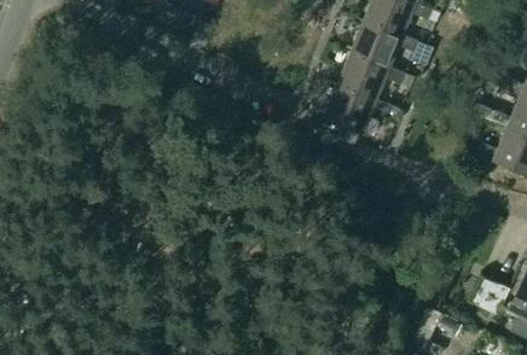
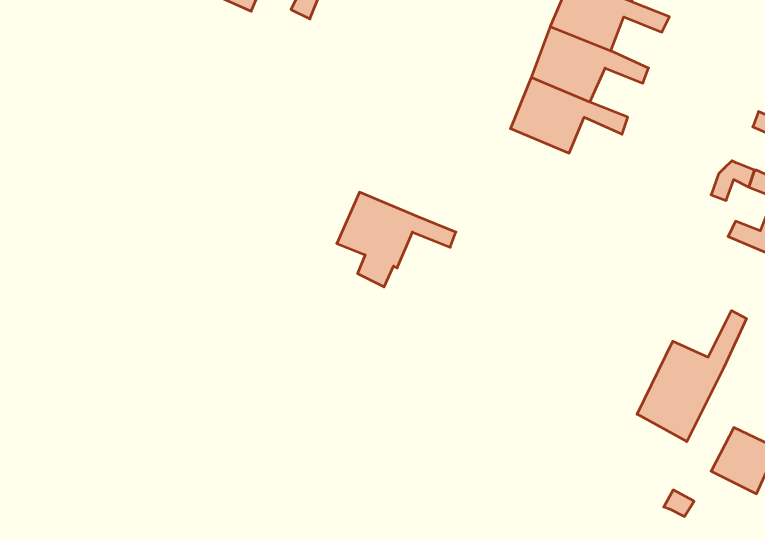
building: [325,85,401,145] -> [337,192,456,287]
building: none -> [637,311,746,442]

